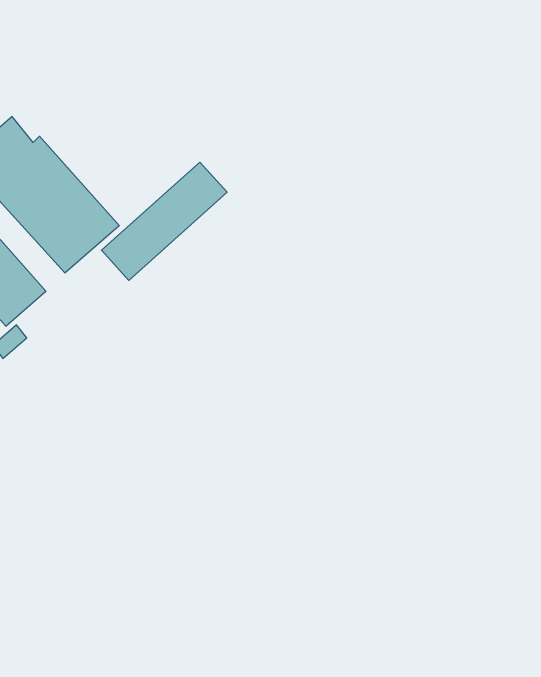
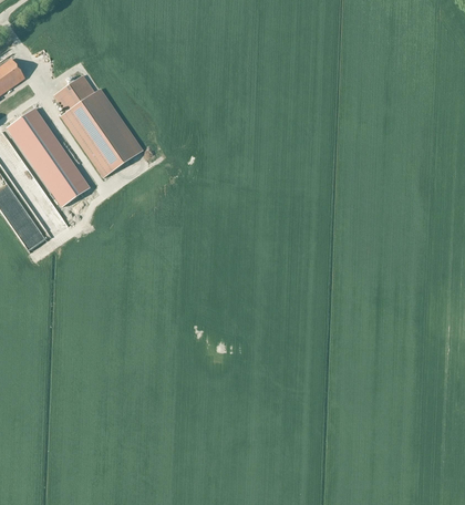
building: [101,162,227,280] -> none

